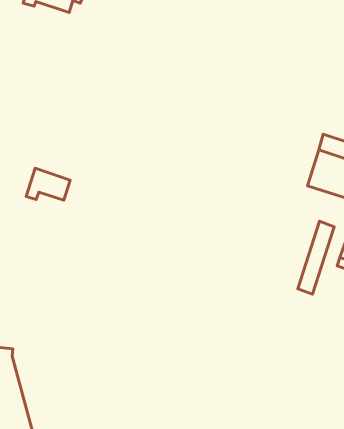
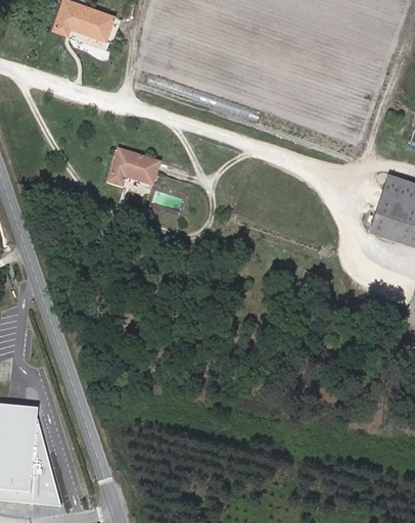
building: [26,168,70,200] -> [106,148,155,184]
building: [298,221,334,294] -> none

